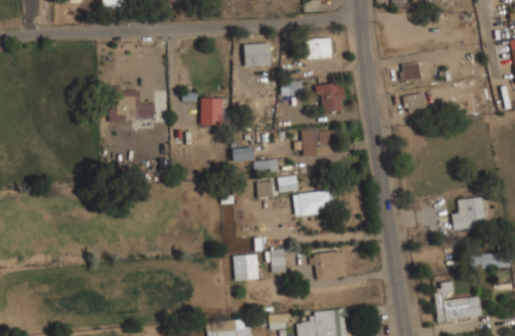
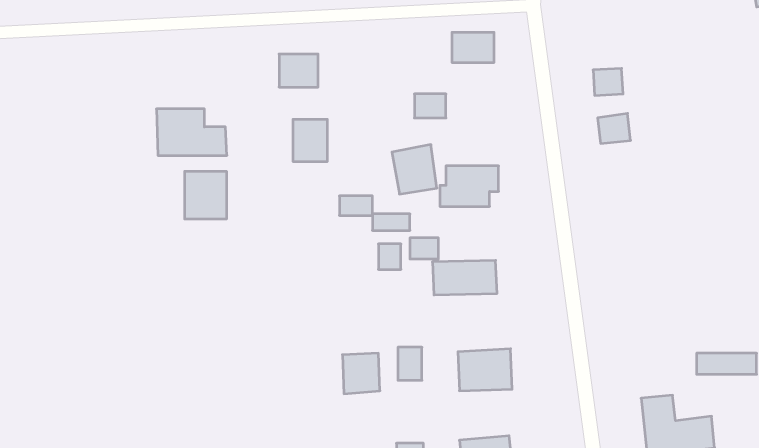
building: [244,43,271,65] -> [279,54,318,87]
building: [316,80,346,114] -> [392,145,437,194]
building: none -> [185,171,226,219]
building: [452,197,485,228] -> none

